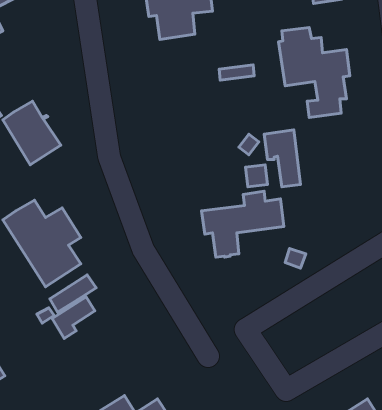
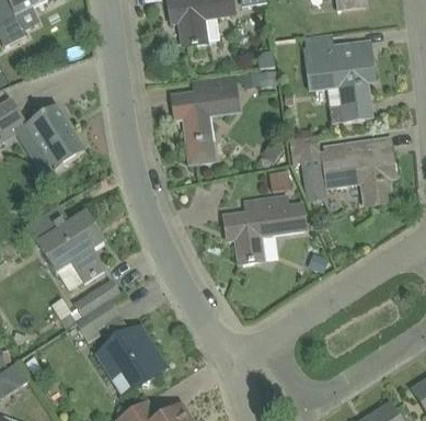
building: none -> [173,75,241,162]
building: none -> [320,138,394,203]
building: none -> [94,325,166,390]

